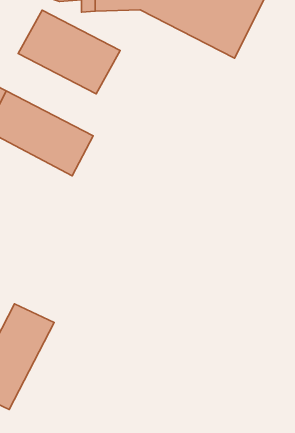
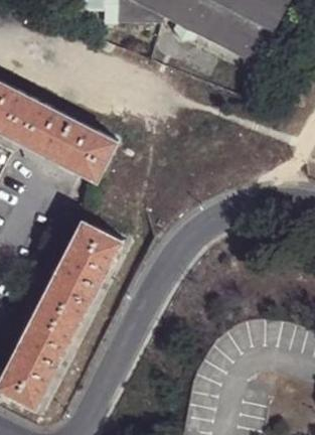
building: [18,10,120,94] -> none
building: none -> [41,222,123,322]

